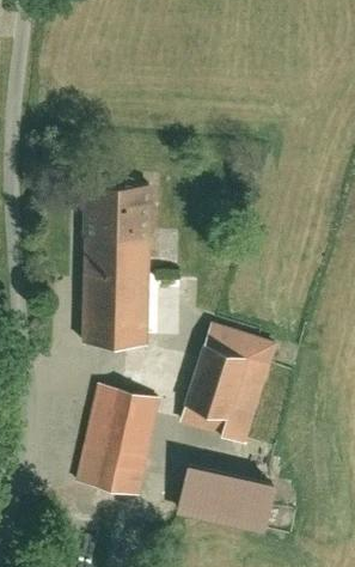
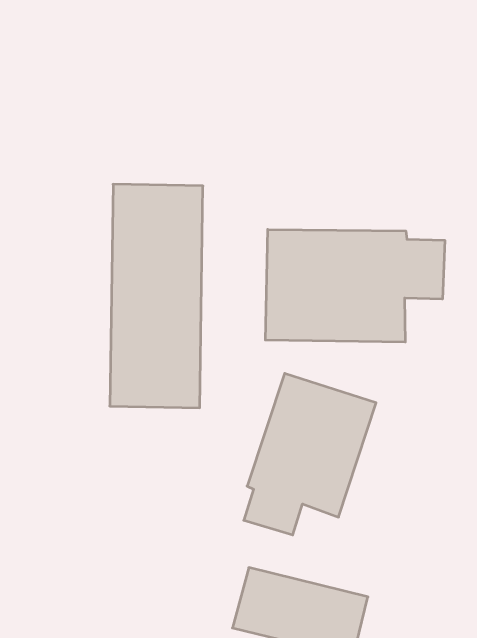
building: none -> [265,229,445,342]
building: [75,383,164,499] -> none

